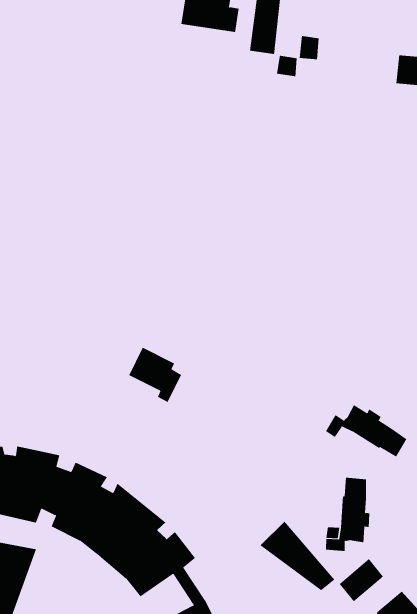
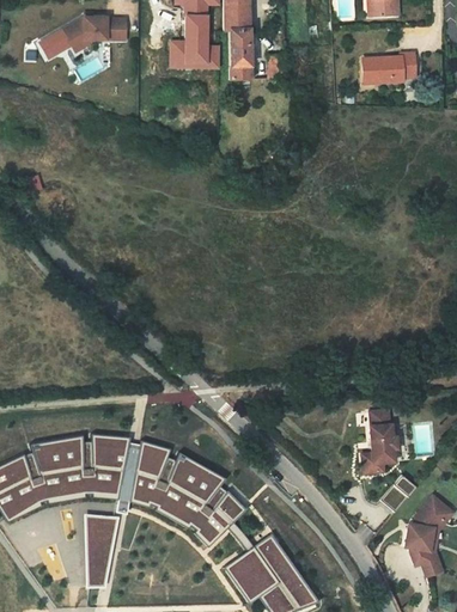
building: [128,347,182,403] -> none
building: [325,404,407,457] -> none
building: [260,521,335,591] -> none

